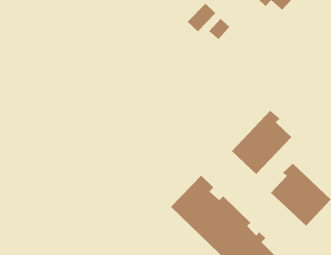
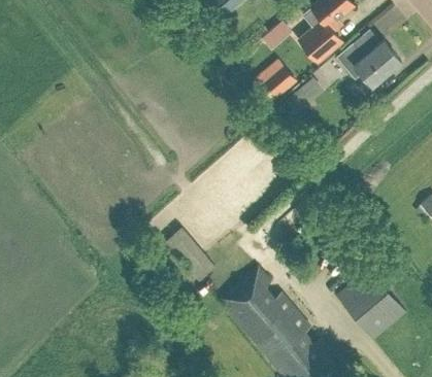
building: [231,110,292,175] -> none
building: none -> [164,228,215,281]

